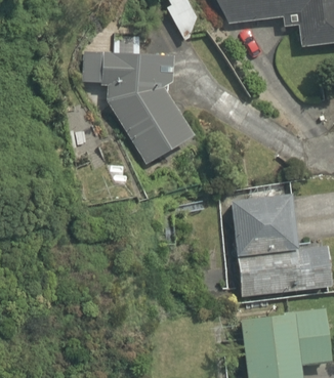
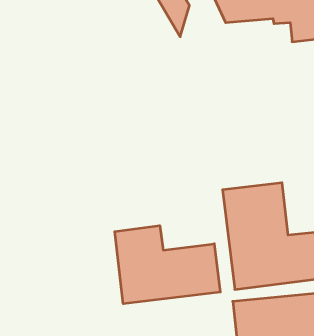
building: [88,24,193,163] -> none
building: none -> [115,226,220,304]

